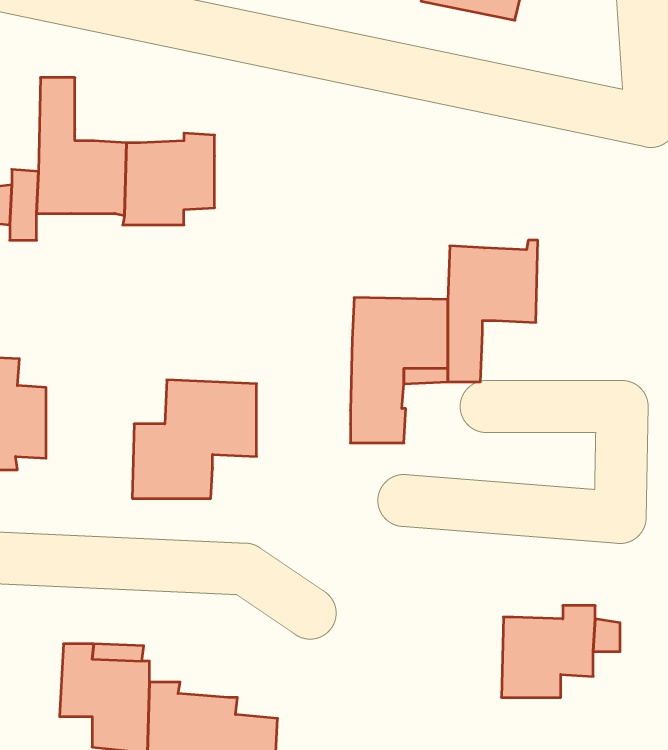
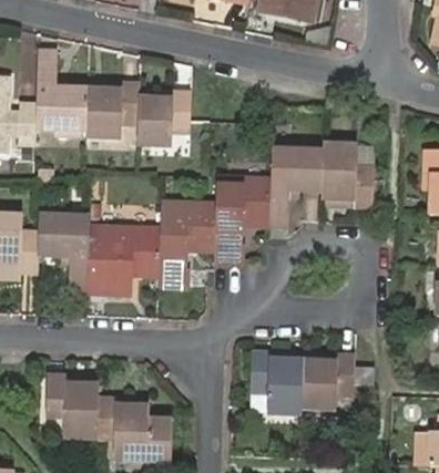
building: none -> [134,92,191,145]
building: none -> [321,145,374,207]
building: none -> [160,202,215,287]
building: none -> [38,212,90,295]
building: none -> [251,354,303,417]

